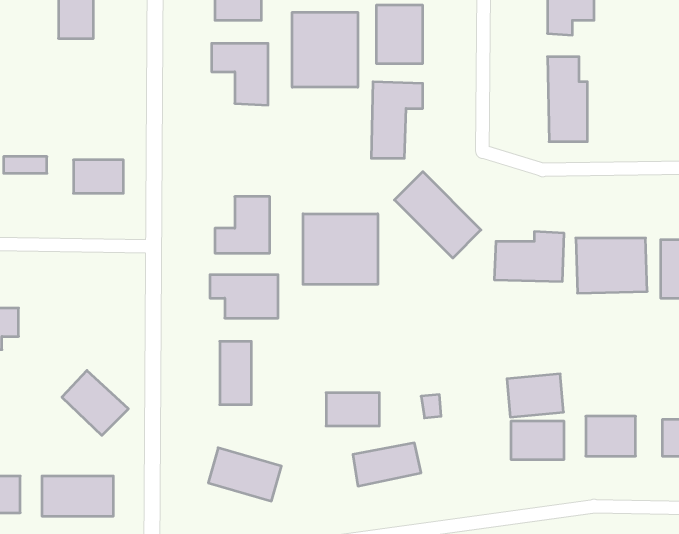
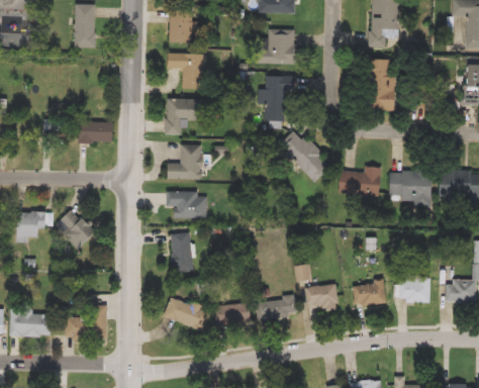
building: [292,12,358,87] -> none
building: none -> [166,99,201,134]
building: [303,214,378,284] -> none
building: [62,370,128,435] -> [56,209,96,249]
building: [507,374,564,417] -> [299,283,333,309]
building: [326,393,379,426] -> [215,304,248,324]

